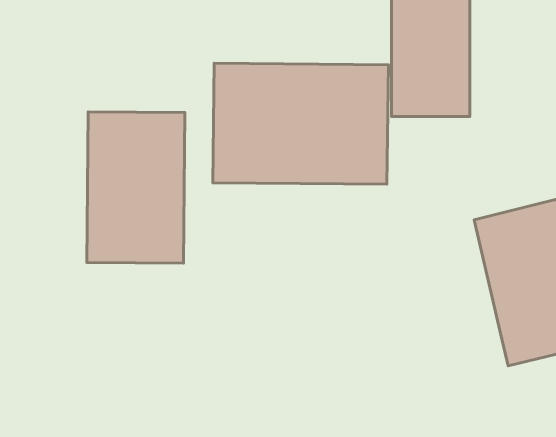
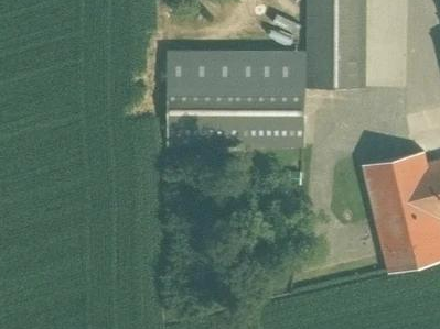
building: [87,112,185,263] -> none

